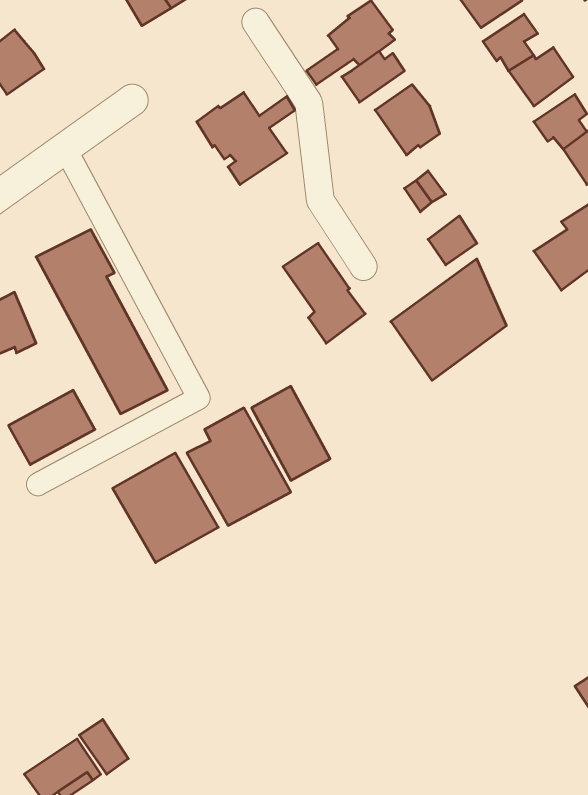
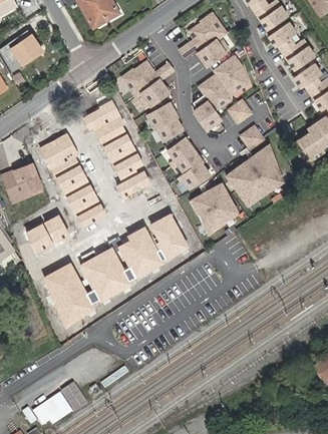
building: none -> [192,76,229,129]
building: none -> [80,100,150,197]
building: none -> [144,104,181,140]
building: none -> [188,183,236,235]
building: none -> [40,260,96,326]

